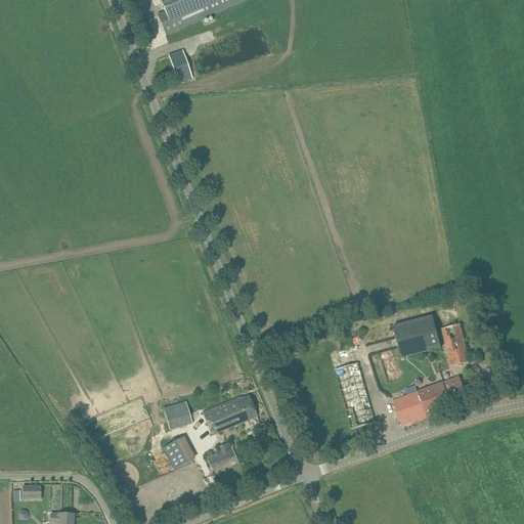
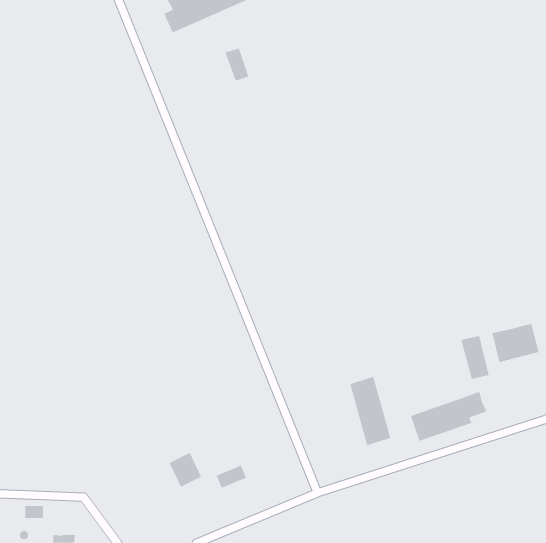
building: [168,48,191,80] -> [225,48,249,81]
building: [394,317,440,355] -> [491,323,539,363]
building: [203,393,257,433] -> none
building: [163,400,191,427] -> none

